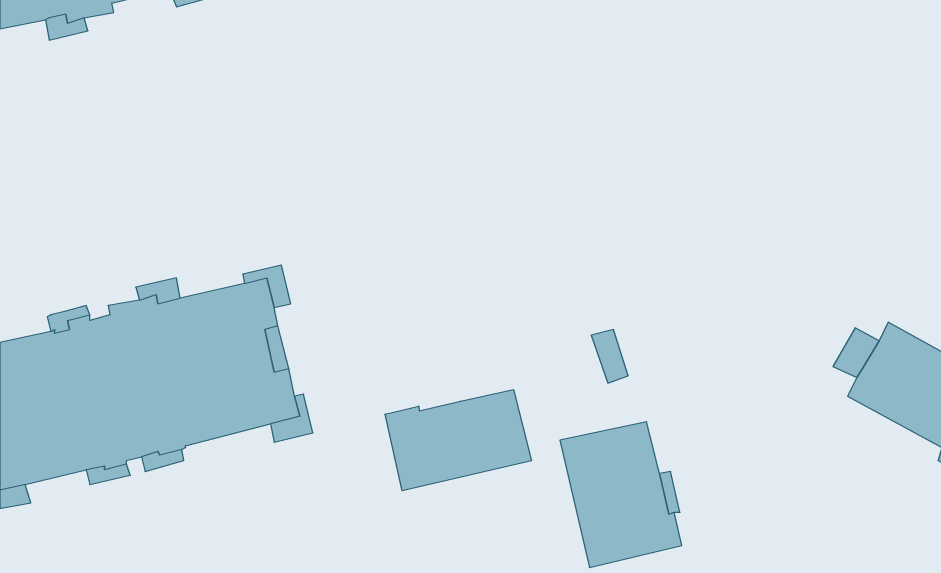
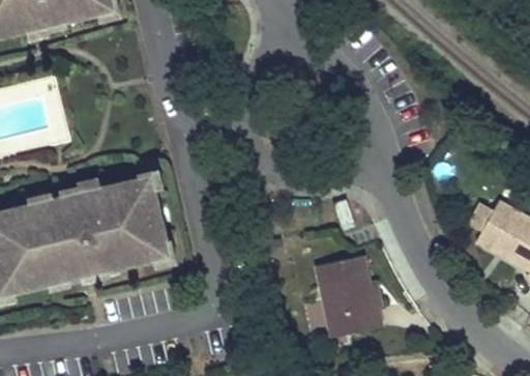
building: [385,390,532,491] -> none

